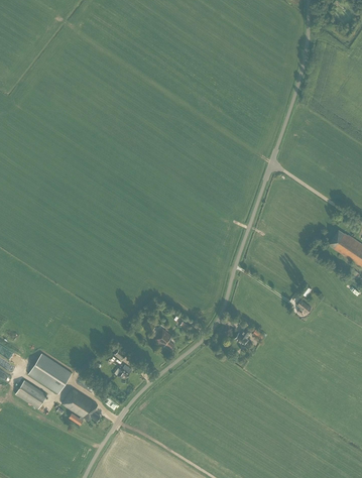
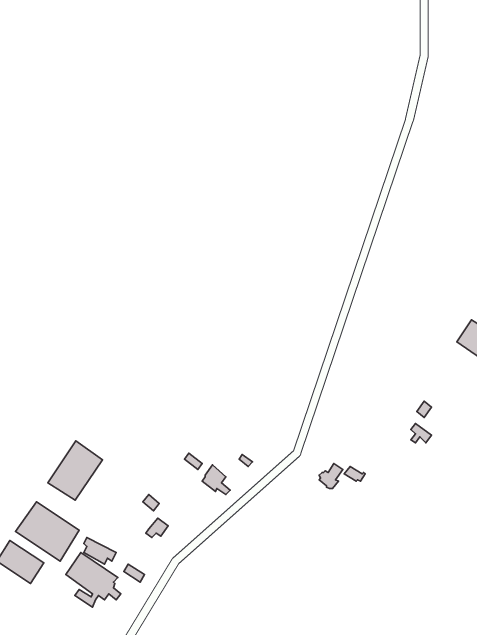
building: none -> [48,441,102,500]

